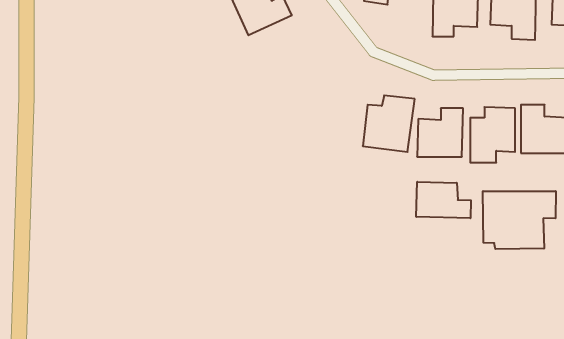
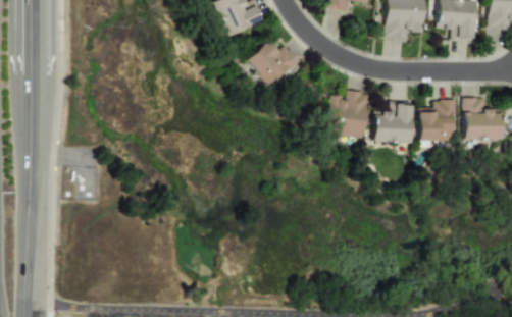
building: none -> [245,40,302,89]
building: [416,182,471,218] -> none
building: [483,191,556,249] -> none

